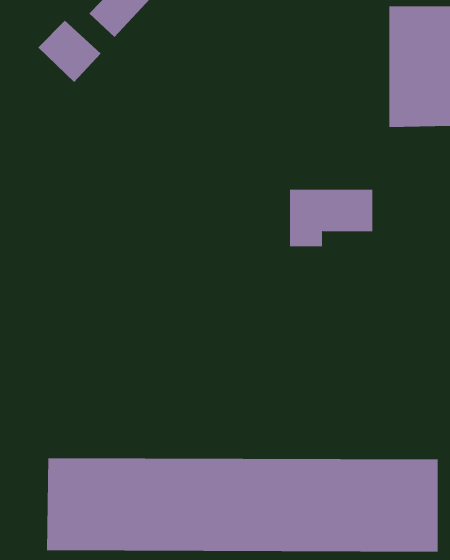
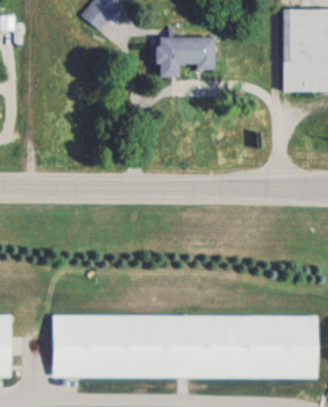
building: [37,20,102,83] -> none
building: [289,189,373,247] -> [157,38,214,77]

